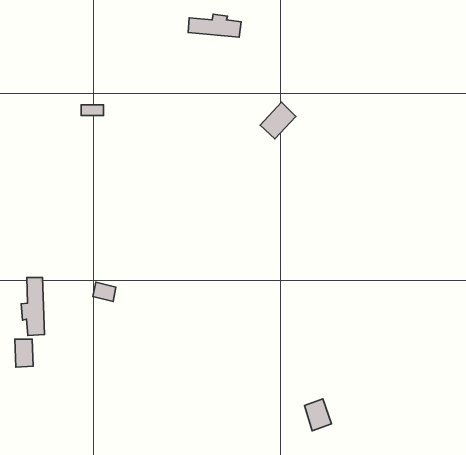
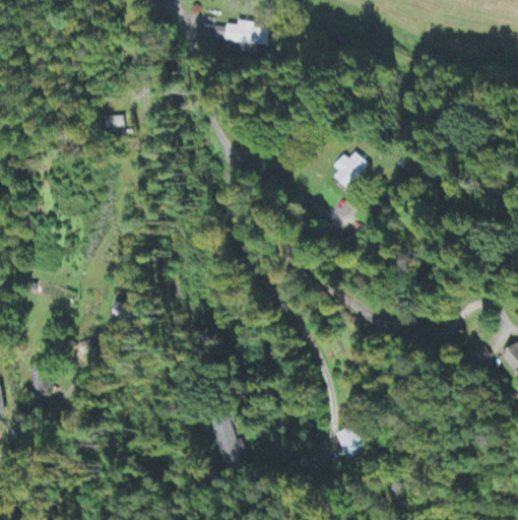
building: [260,102,296,139] -> [331,149,369,188]
building: [21,277,44,336] -> none
building: none -> [213,418,246,462]

